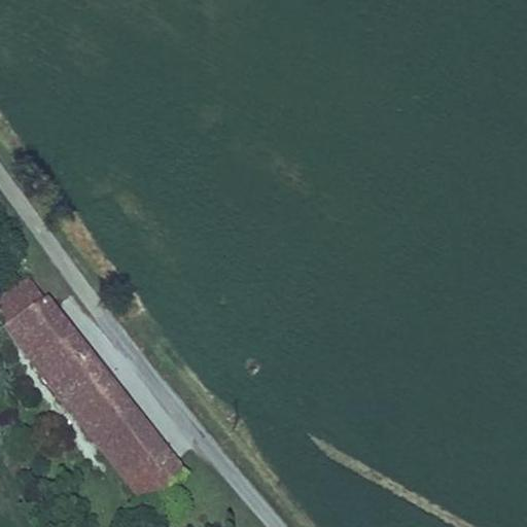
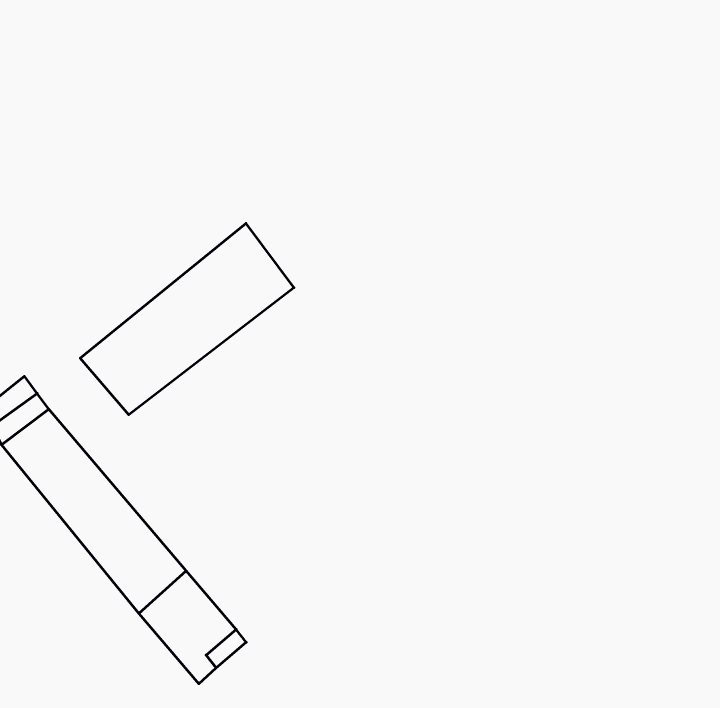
building: none -> [80,223,294,415]

